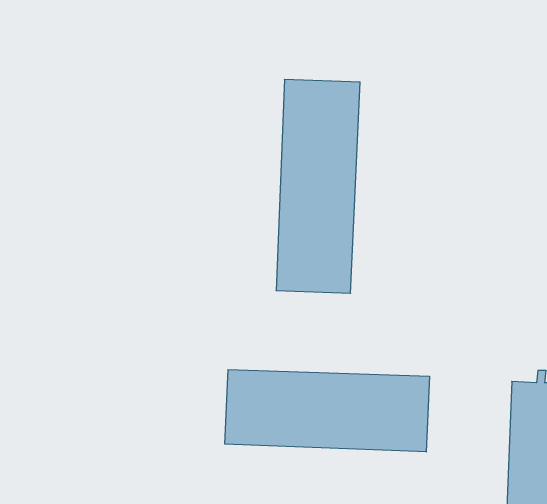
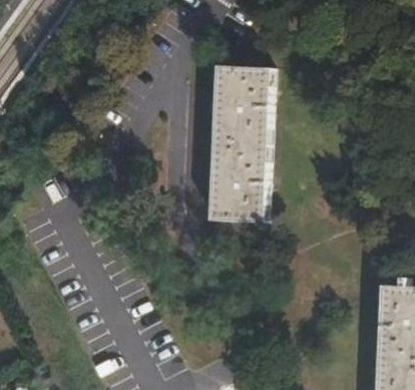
building: [225,370,429,452] -> none

